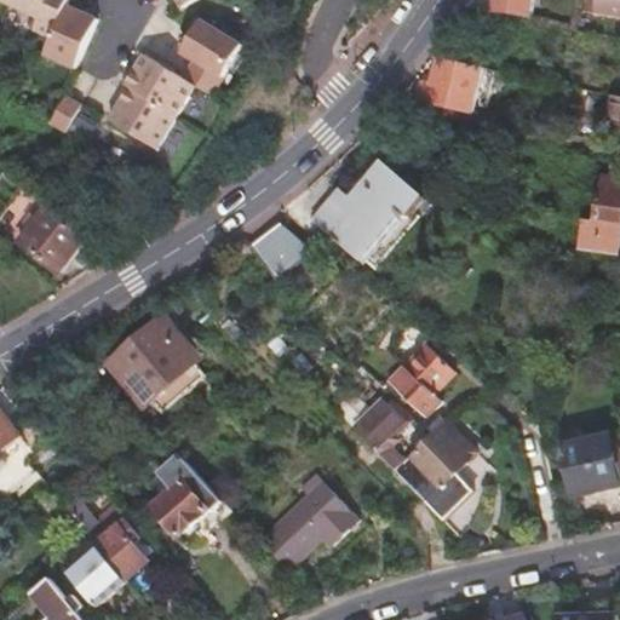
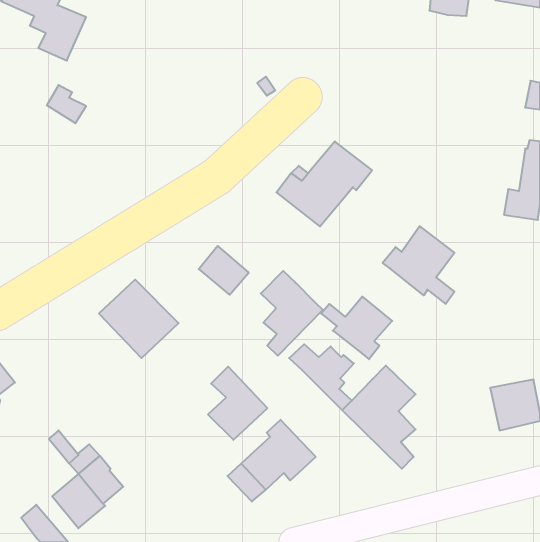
building: [111,19,246,150] -> none
building: [417,57,494,111] -> none
building: [19,203,87,270] -> none
building: [262,222,318,277] -> [199,246,249,295]
building: none -> [383,226,454,304]
building: none -> [261,271,323,356]
building: [148,449,216,533] -> [208,367,267,440]

